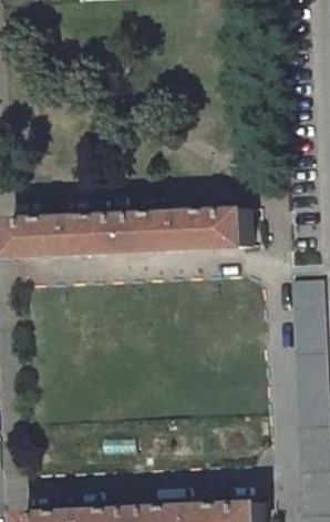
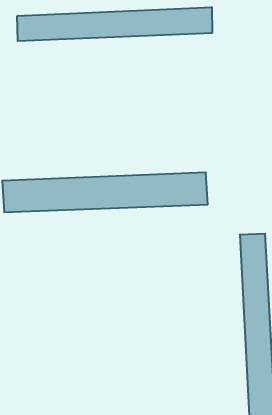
building: none -> [17,7,212,41]

